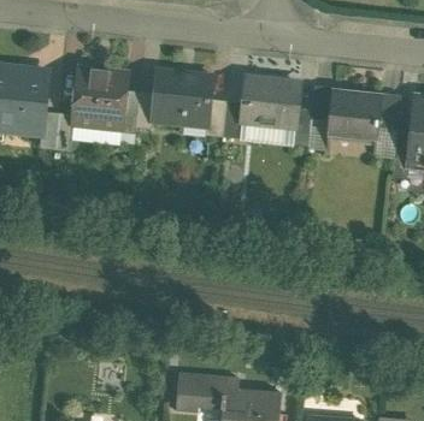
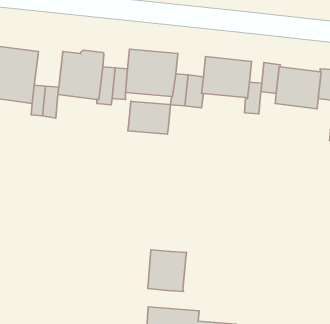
building: none -> [128,101,171,134]
building: none -> [148,250,187,292]

